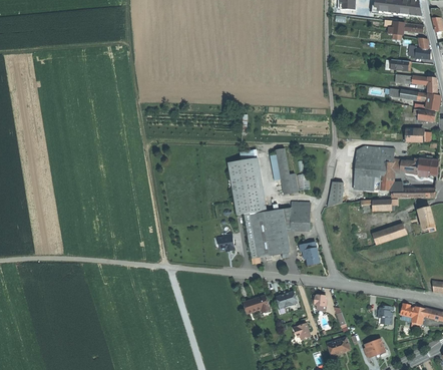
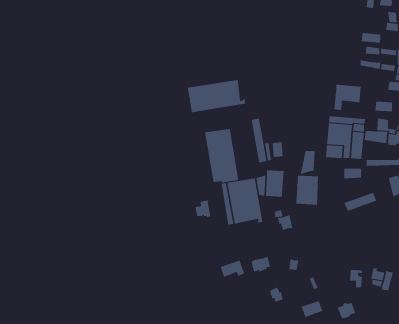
building: none -> [187,79,246,113]
building: none -> [334,84,361,111]
building: none -> [295,175,318,205]

